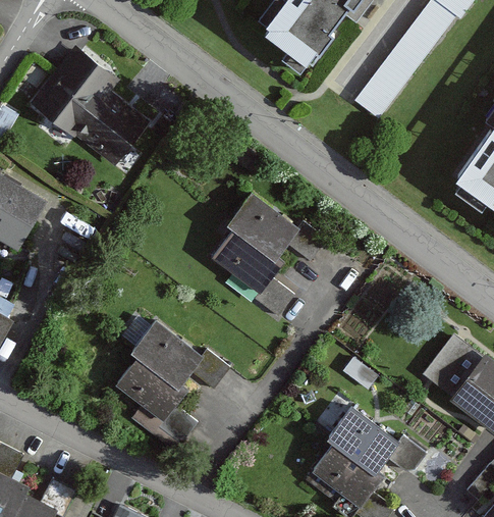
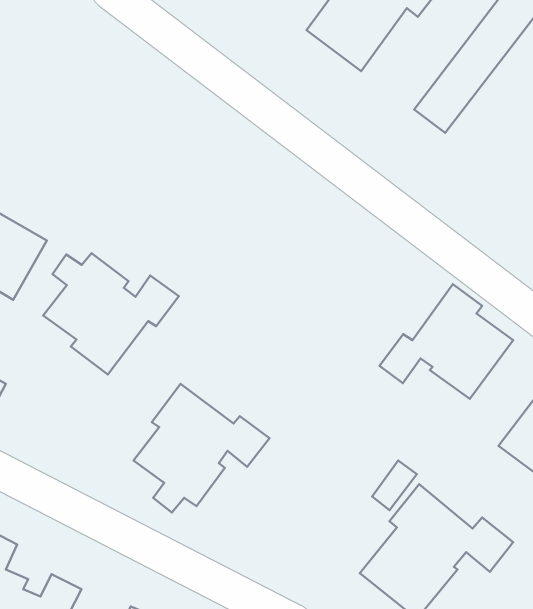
building: [32,48,150,168] -> none
building: [217,198,329,303] -> none
building: none -> [43,253,179,375]
building: none -> [379,284,513,399]

